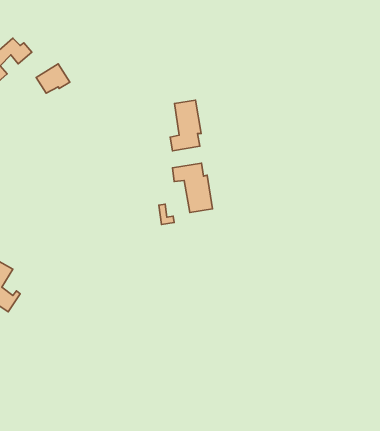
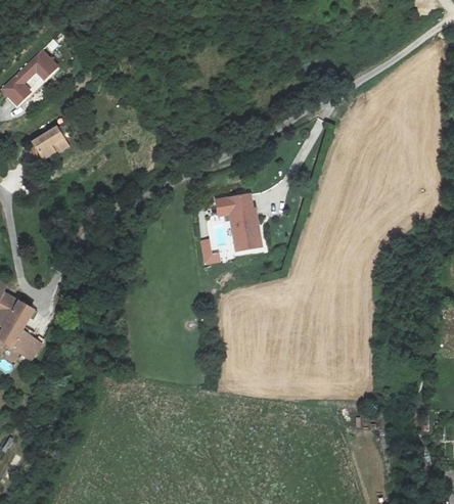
building: [36,64,70,93] -> [31,125,69,157]
building: [170,100,201,151] -> none

